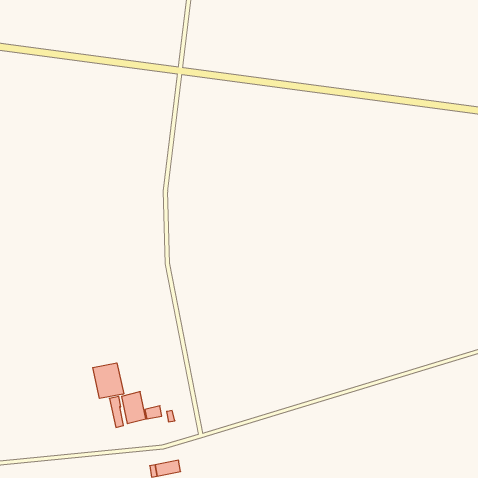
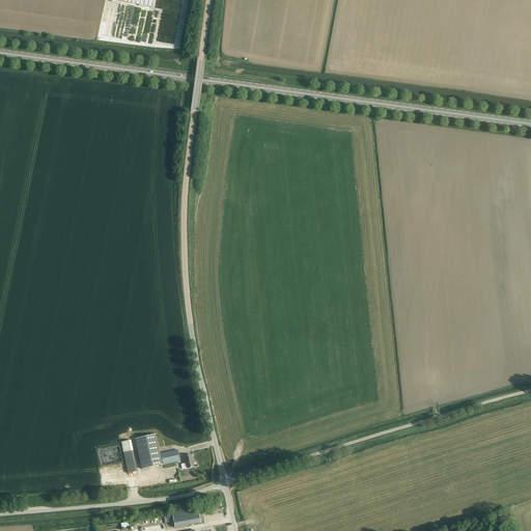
building: [93,363,124,398] -> none

